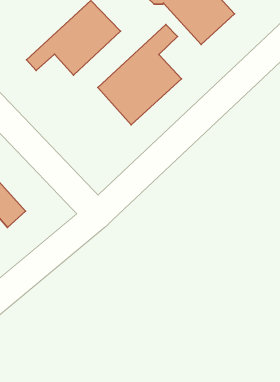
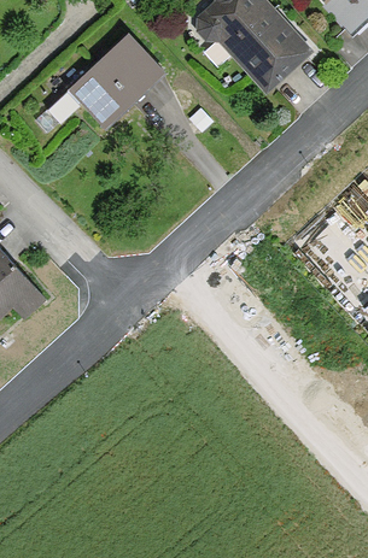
building: [98,24,182,125] -> none

